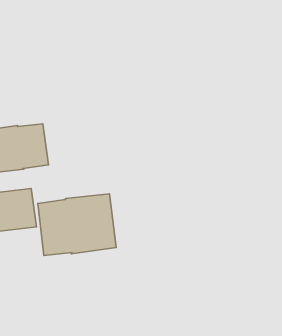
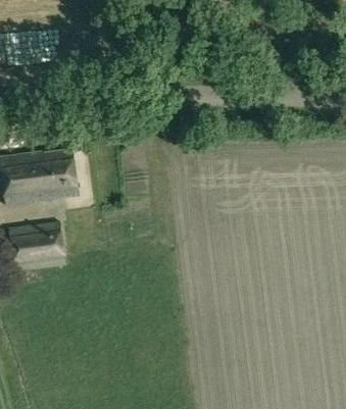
building: [38,194,116,255] -> none

